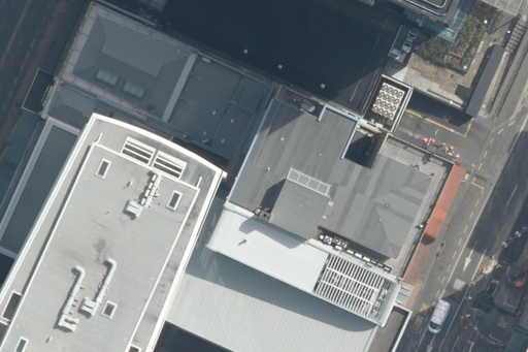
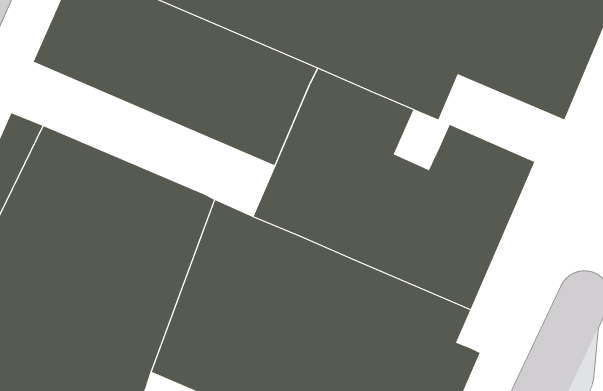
building: [43,79,205,185] -> none

